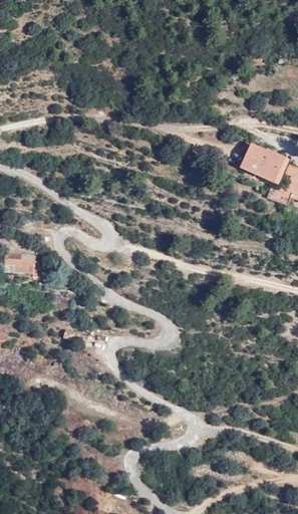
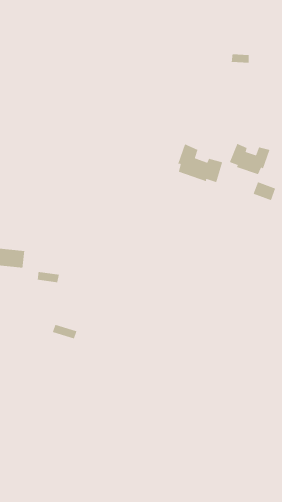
building: none -> [177,143,223,183]

